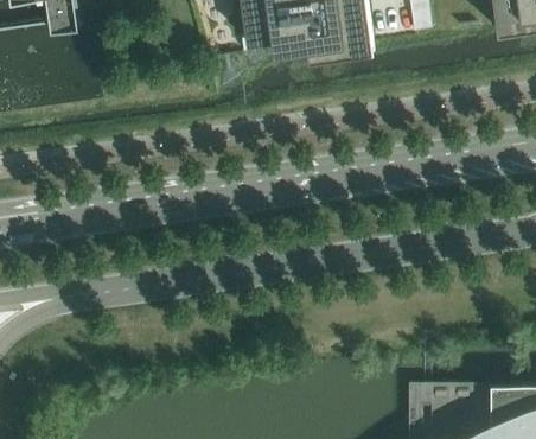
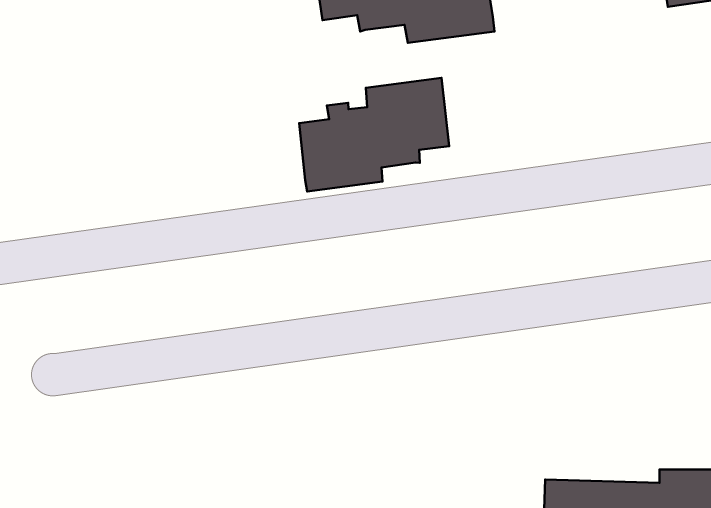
building: none -> [299,78,449,191]

